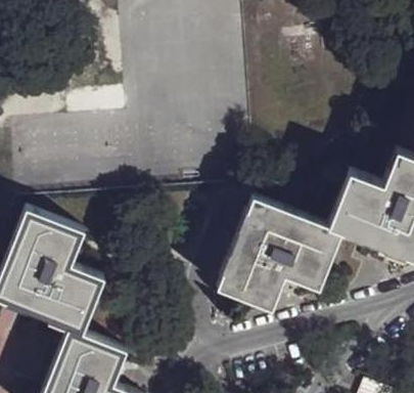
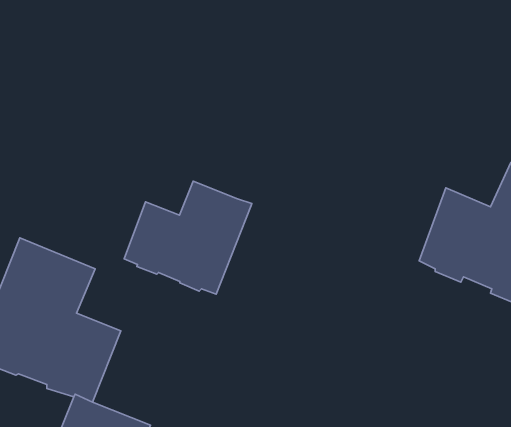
building: none -> [124,181,252,294]
building: [219,199,342,311] -> none

